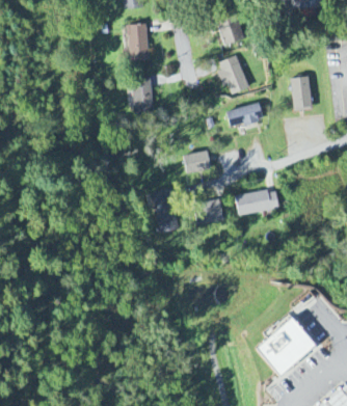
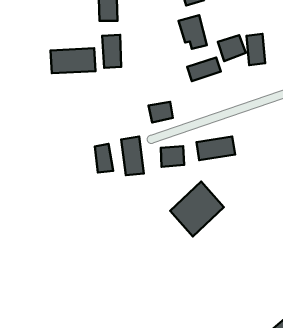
building: none -> [218,35,246,61]
building: none -> [51,48,95,73]
building: none -> [95,144,113,173]
building: [255,317,314,377] -> [170,182,224,236]

